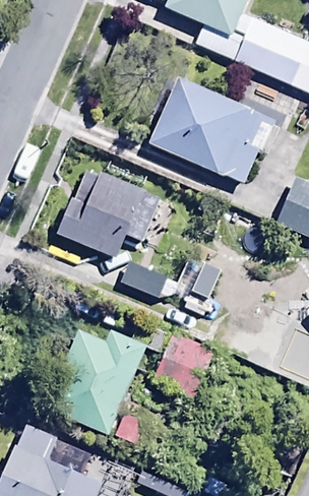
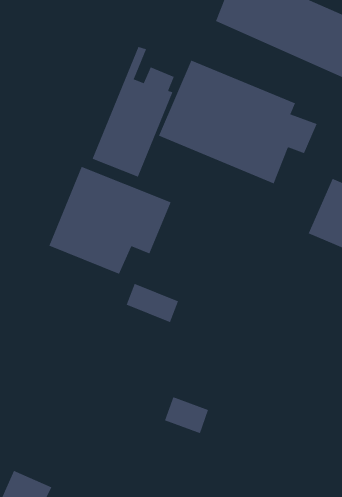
building: none -> [92,46,174,178]
building: [50,325,146,426] -> none

